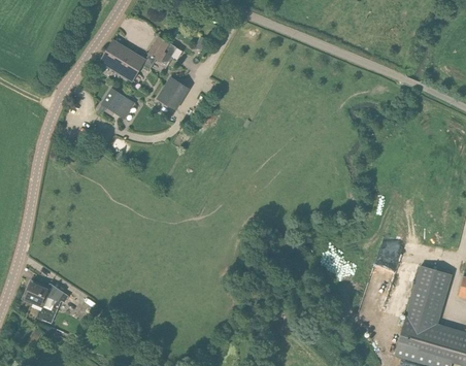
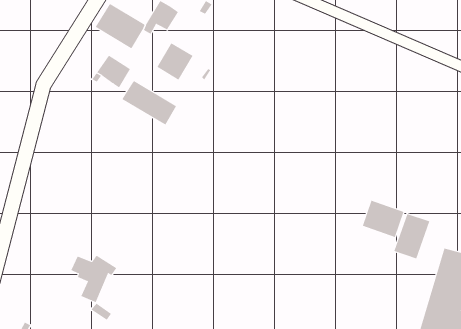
building: none -> [122,80,177,125]
building: none -> [362,200,404,238]
building: [26,282,69,327] -> [70,255,117,303]

